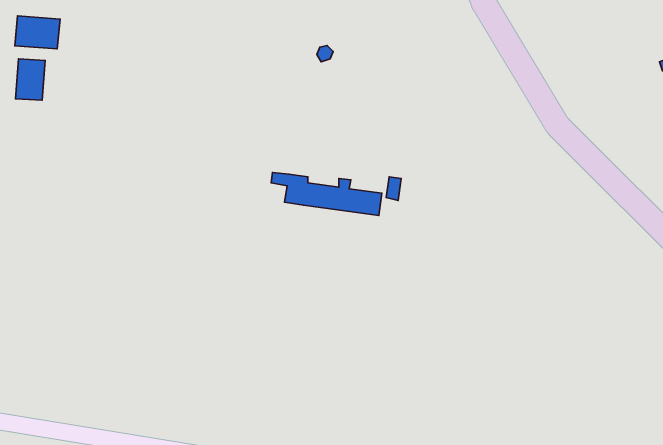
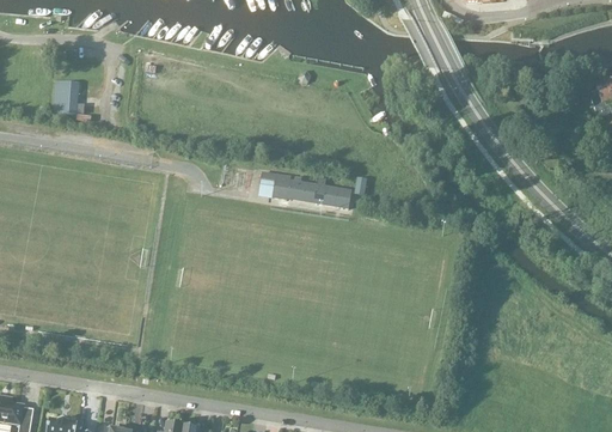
building: [15,16,60,49] -> none

